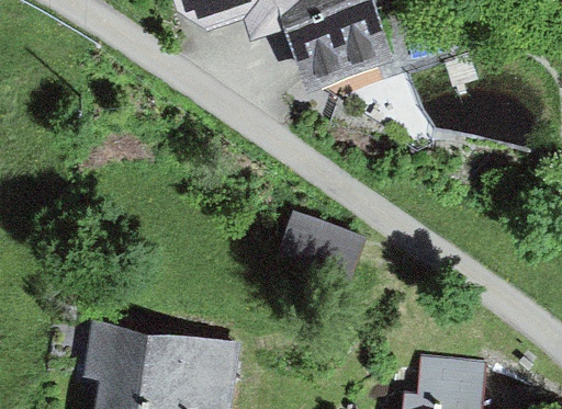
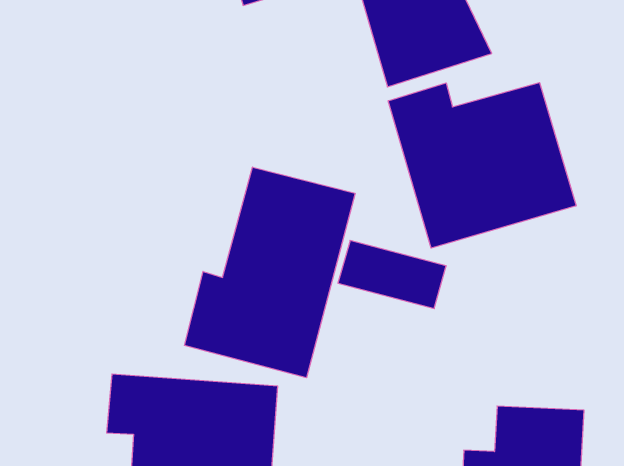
building: none -> [388,83,576,248]
building: none -> [184,167,355,378]

